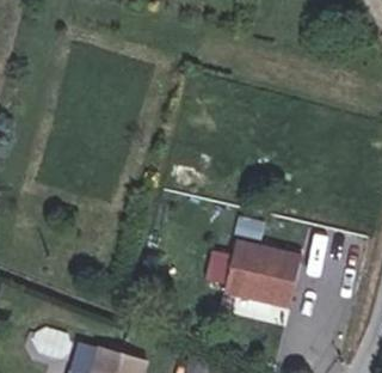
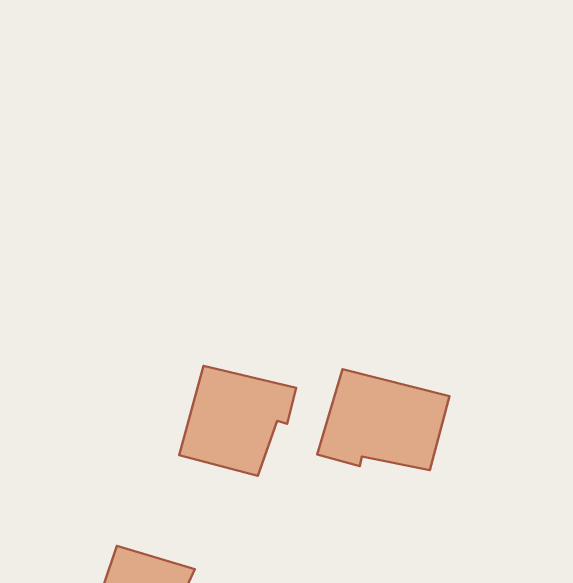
building: none -> [179,366,296,476]

